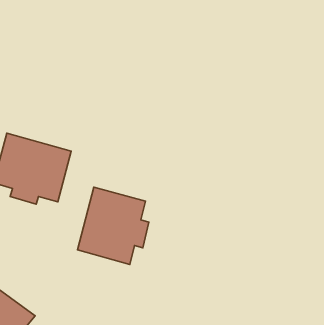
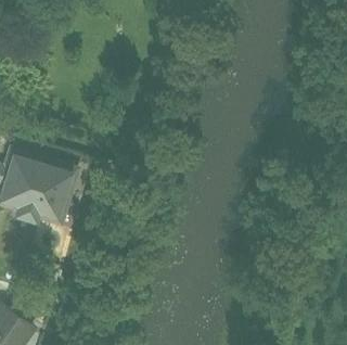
building: [77,187,149,264] -> none

